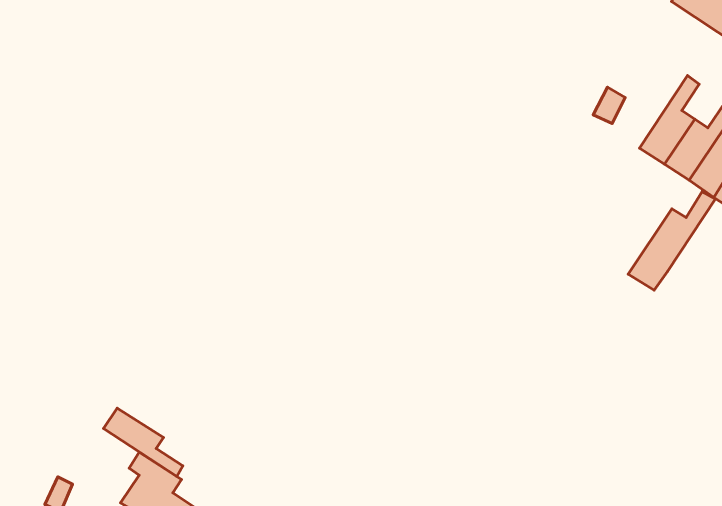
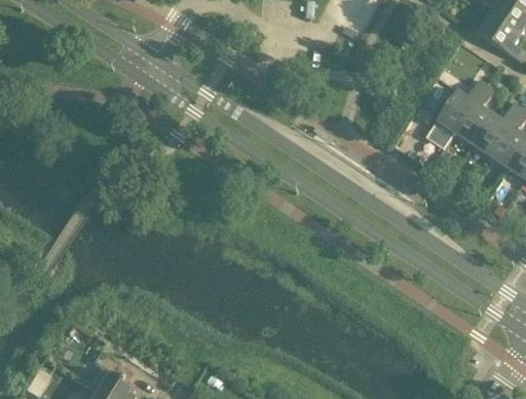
building: [628,191,715,290] -> [428,79,490,149]
building: [104,408,183,477] -> none

